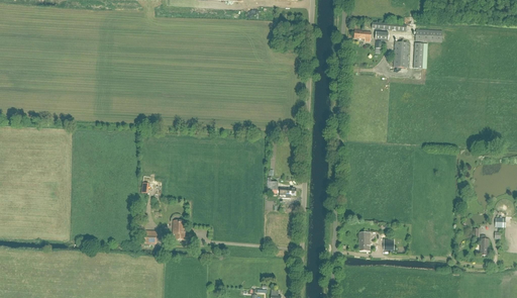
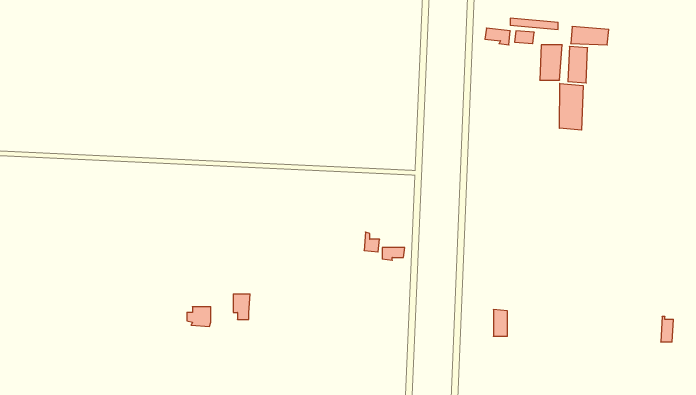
building: none -> [559,83,583,130]

